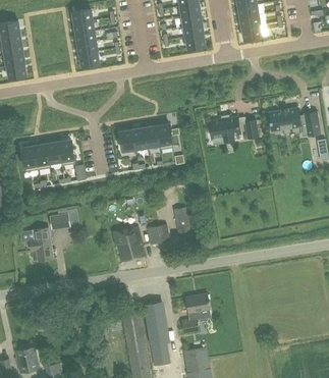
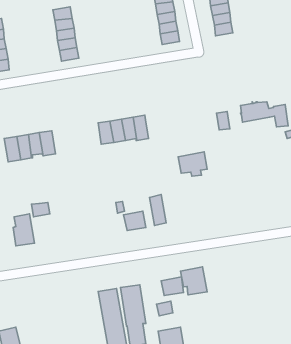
building: [209,116,239,142] -> [178,152,207,176]
building: [112,226,144,262] -> none
building: none -> [180,267,207,295]

